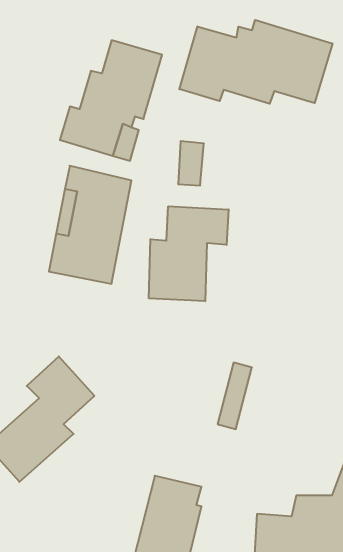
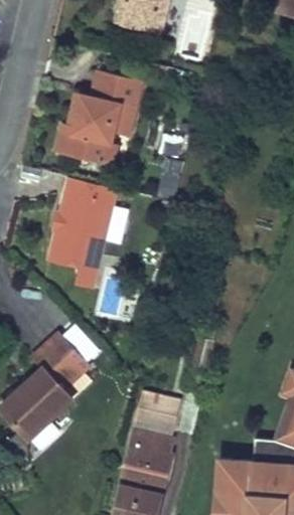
building: [179,20,332,104] -> none
building: [149,206,229,301] -> none
building: none -> [140,392,180,430]

